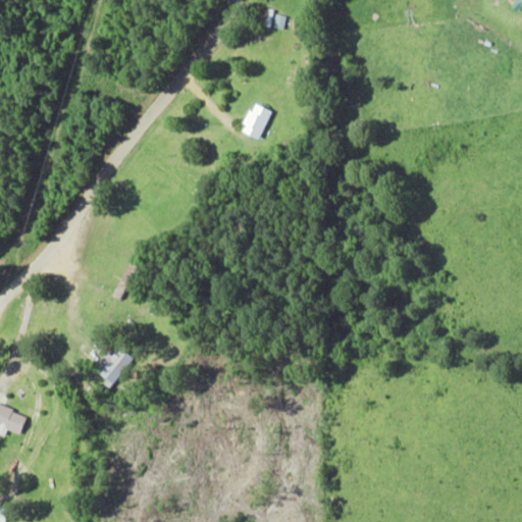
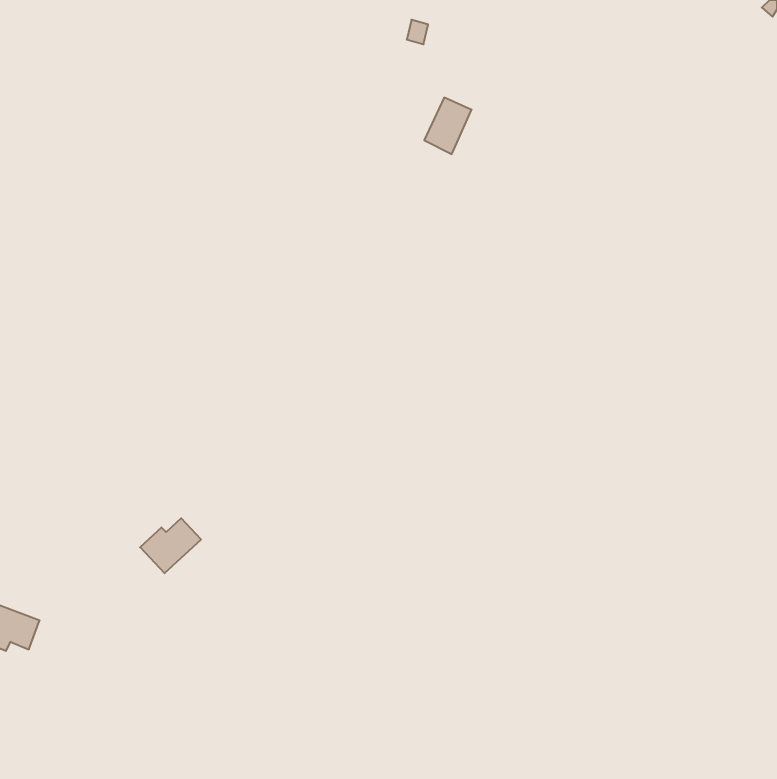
building: [240,102,271,140] -> [424,98,472,154]

